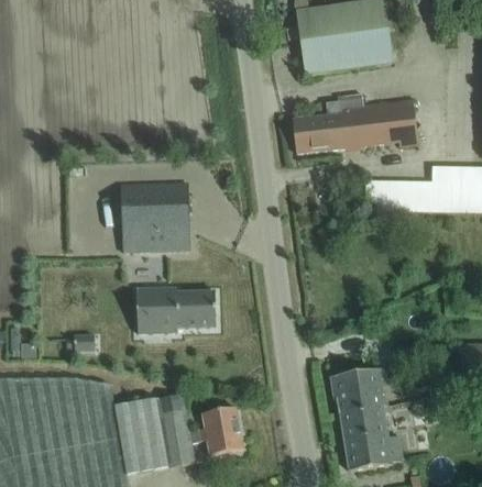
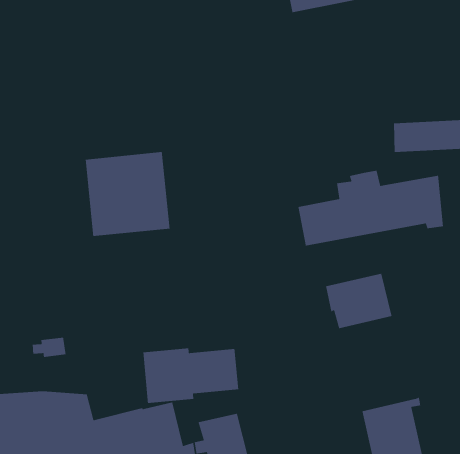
building: [292,93,414,154] -> [297,170,444,246]
building: [136,288,216,333] -> [143,347,239,404]
building: [331,368,386,413] -> [325,273,393,329]

